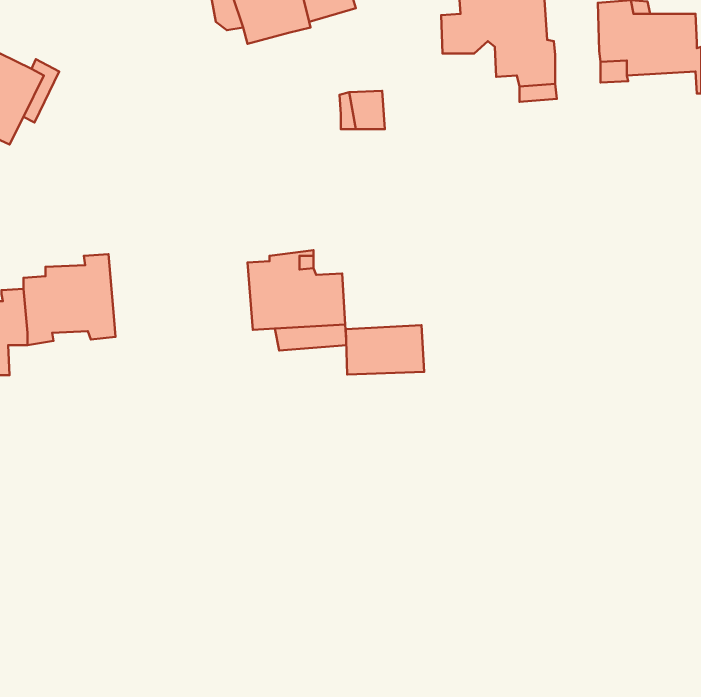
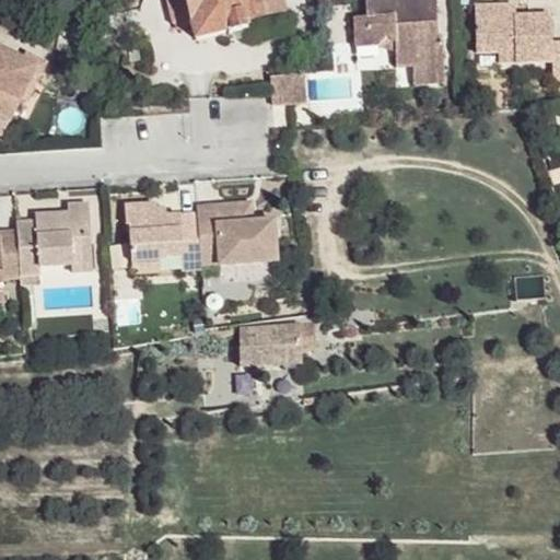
building: none -> [126,197,201,268]
building: [346,325,424,375] -> [240,324,302,363]

